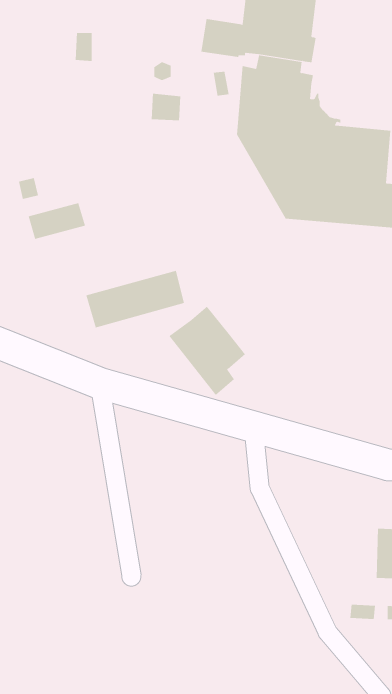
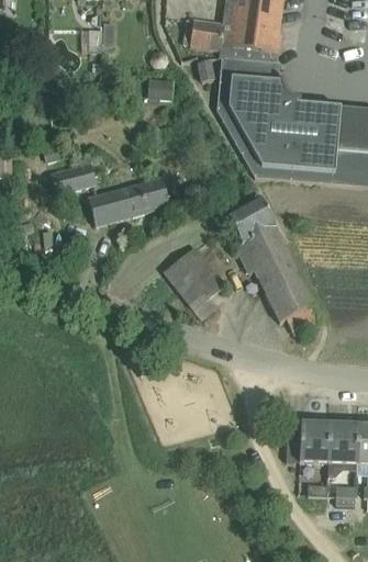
building: none -> [227,196,321,330]
building: [85,270,185,328] -> [89,179,168,225]
building: none -> [300,422,330,462]

